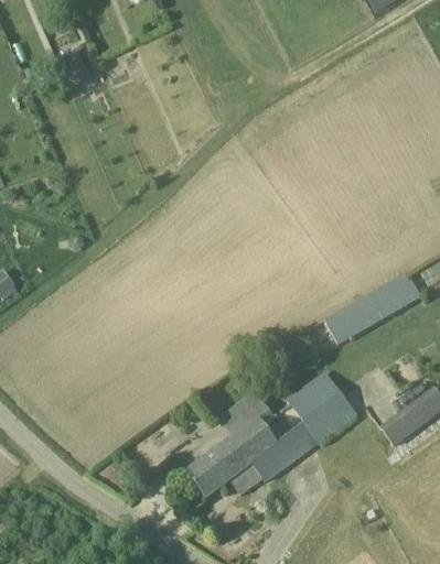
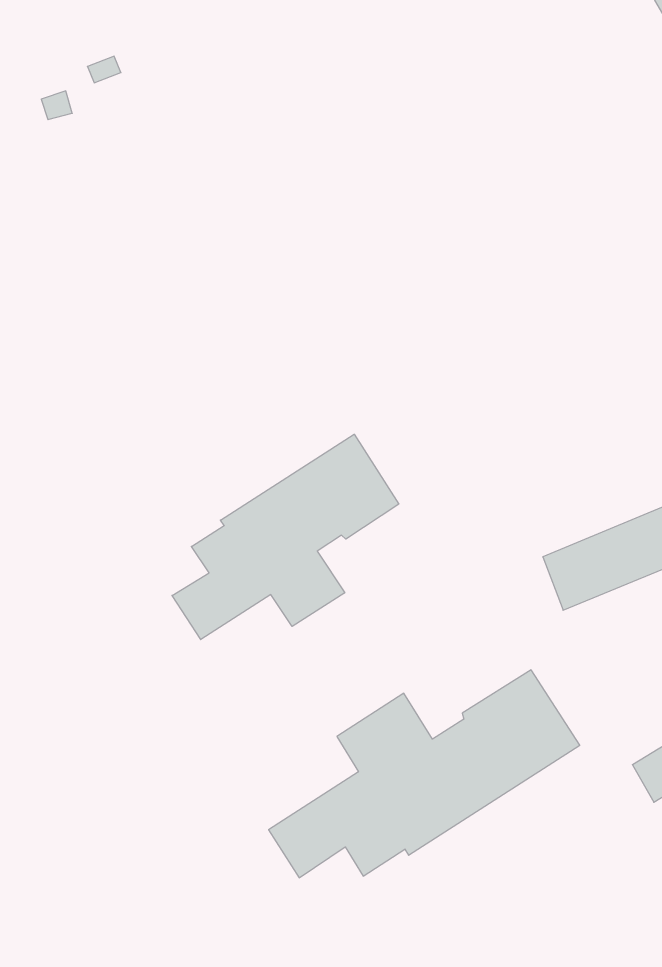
building: none -> [172,434,399,640]

